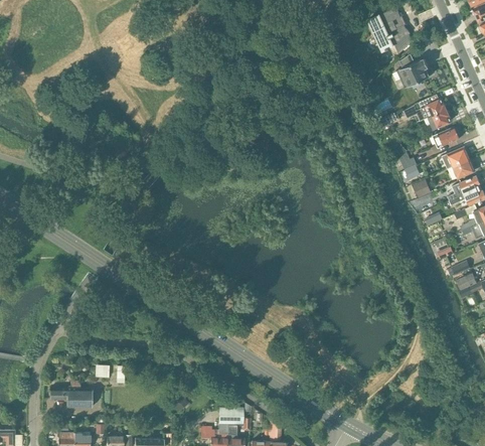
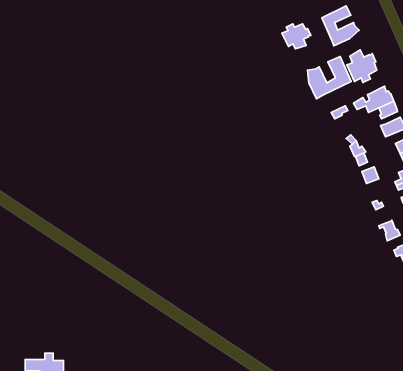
building: none -> [282,24,311,49]
building: none -> [308,57,351,99]

